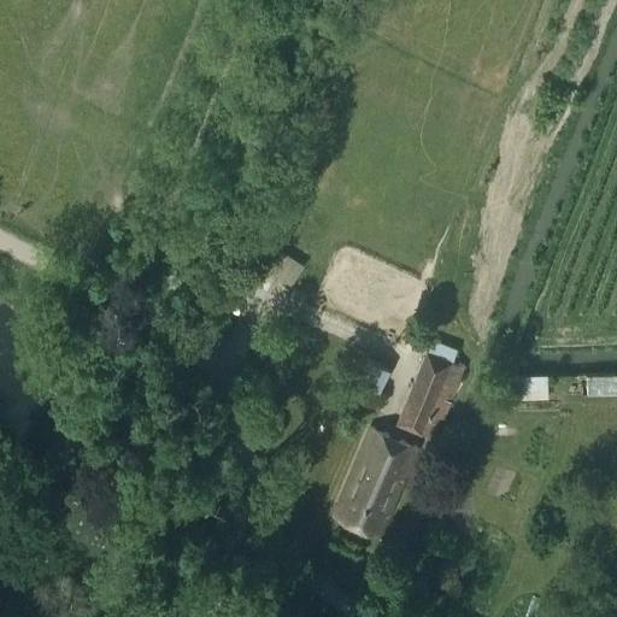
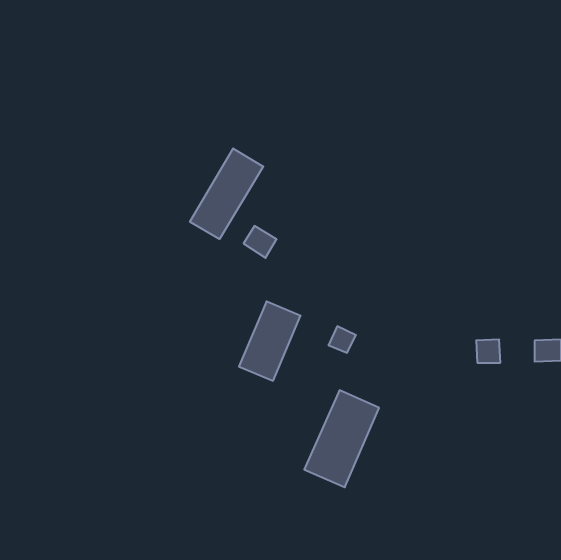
building: none -> [190,148,263,239]
building: [395,353,463,440] -> [239,301,301,381]

